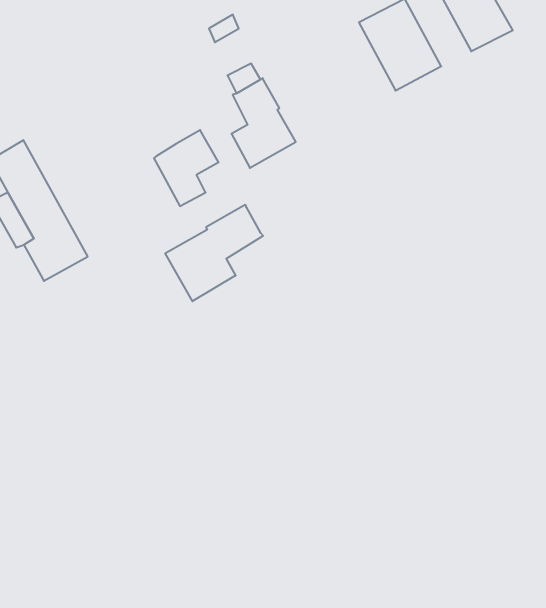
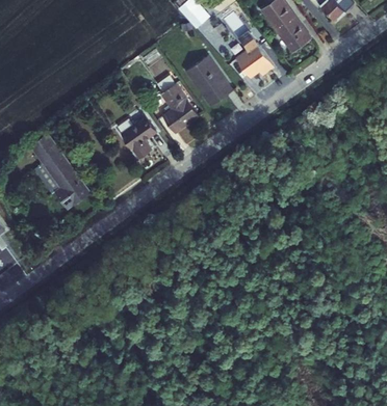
building: none -> [185,55,233,107]
building: [165,205,263,301] -> none

